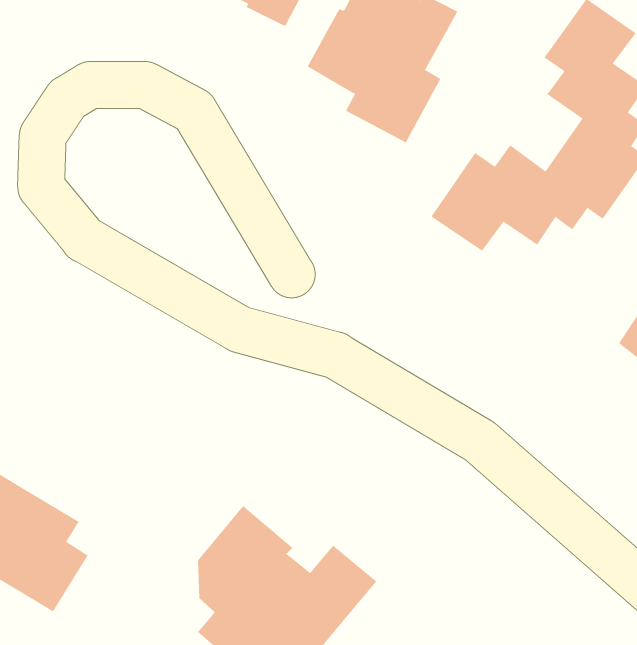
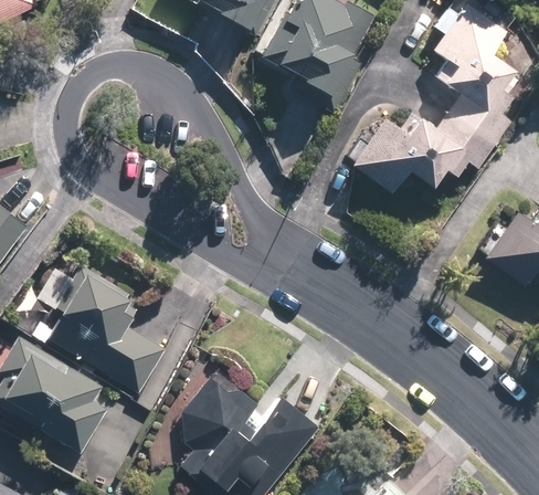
building: none -> [46,266,166,392]

